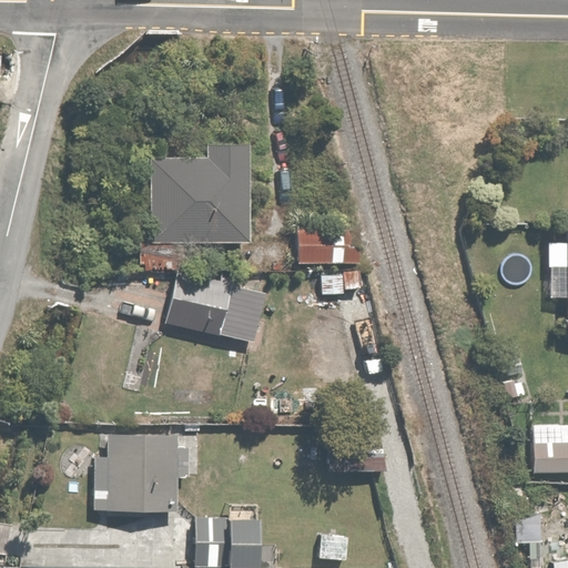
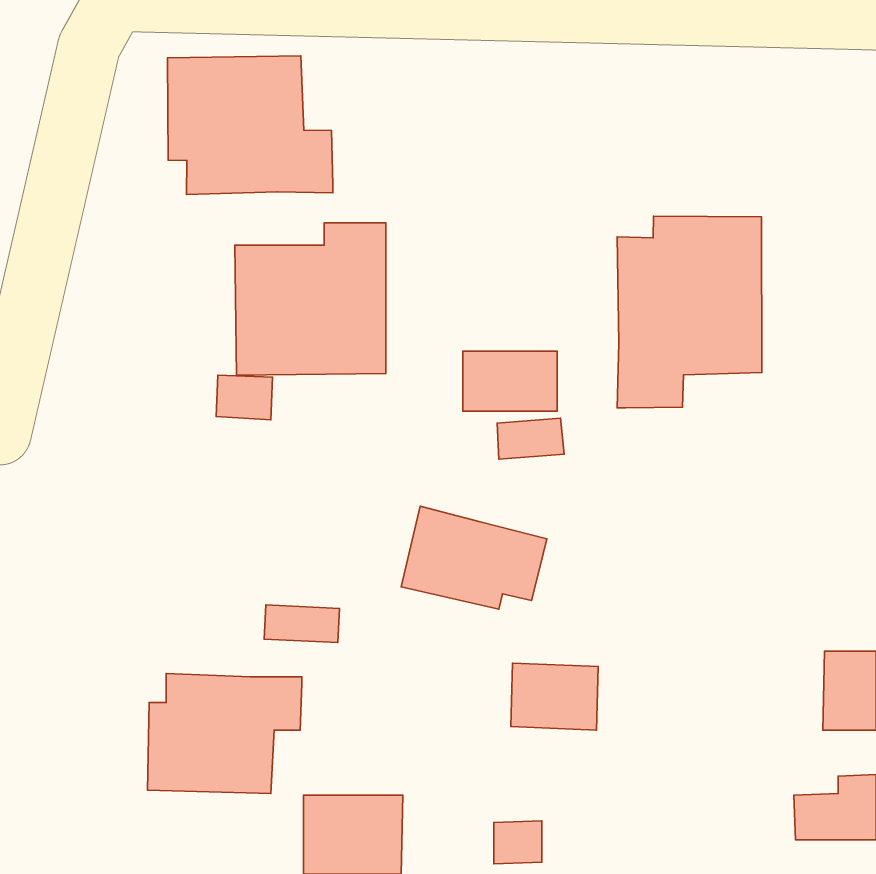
building: none -> [168,56,333,195]
building: none -> [617,216,762,408]
building: [165,272,260,338] -> [401,506,547,609]

